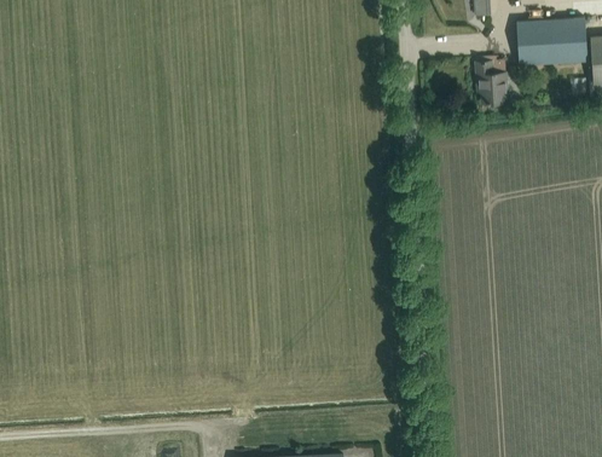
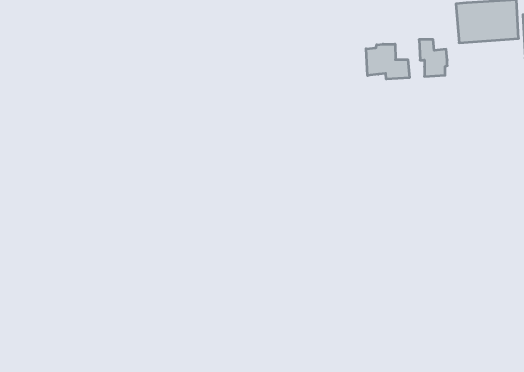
building: none -> [366,44,409,79]

